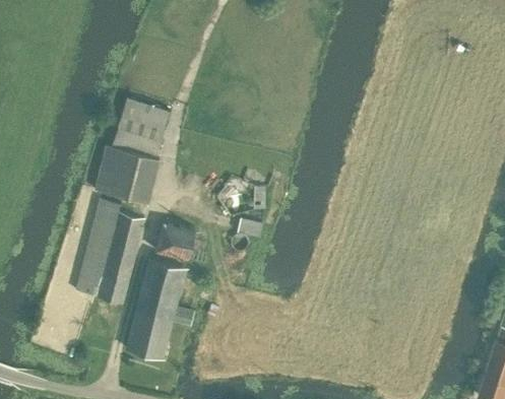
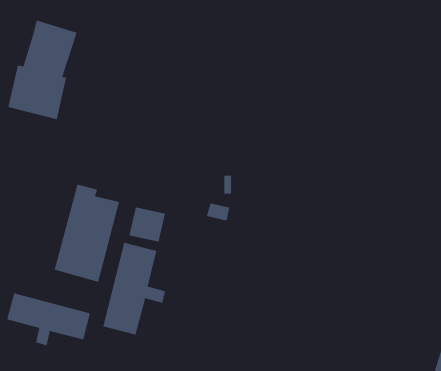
building: [96,97,170,203] -> [8,20,78,120]
building: none -> [7,292,91,346]

